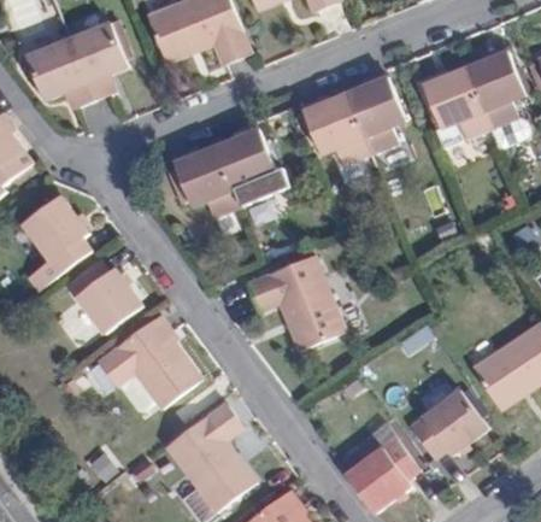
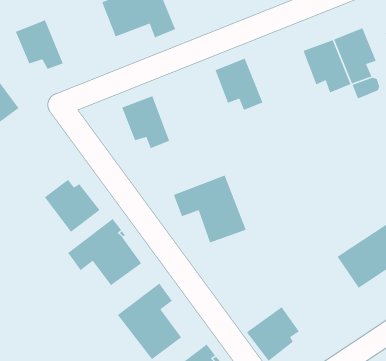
building: [67,22,128,100] -> none
building: [343,75,406,154] -> none
building: [216,127,276,207] -> none
building: [20,195,92,274] -> none
building: [408,389,488,461] -> none

